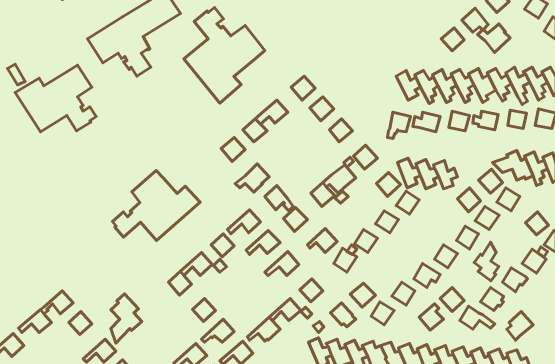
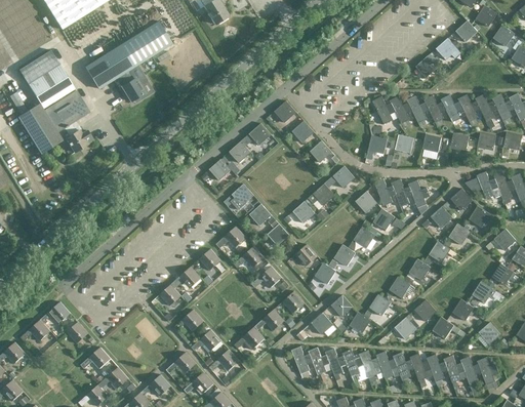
building: [184,8,265,103] -> none
building: none -> [17,50,74,111]
building: [478,24,510,52] -> none
building: [112,171,200,240] -> none
building: [474,242,499,281] -> none
building: [111,294,142,343] -> none

